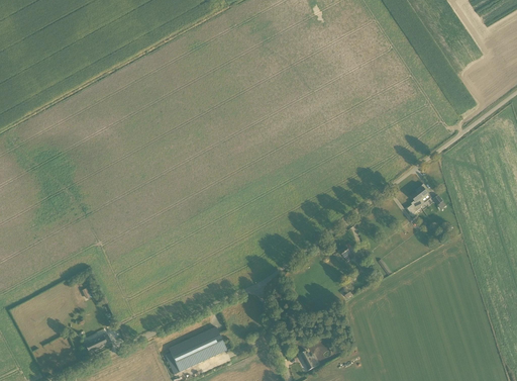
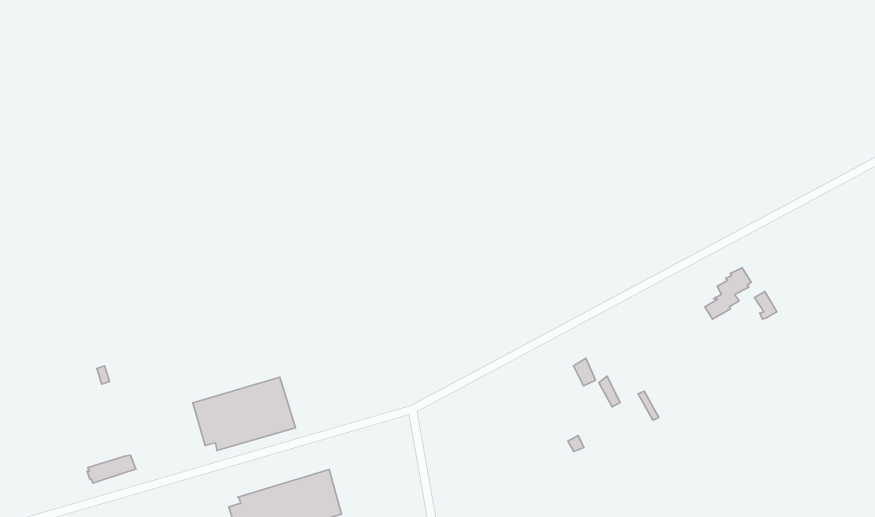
building: none -> [193,377,296,450]

